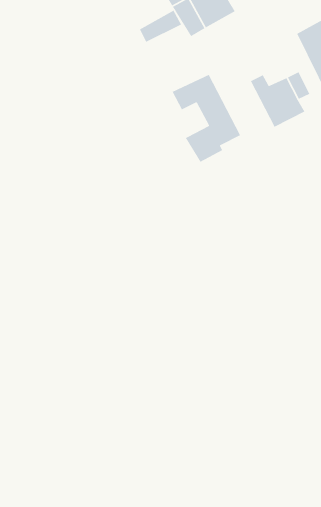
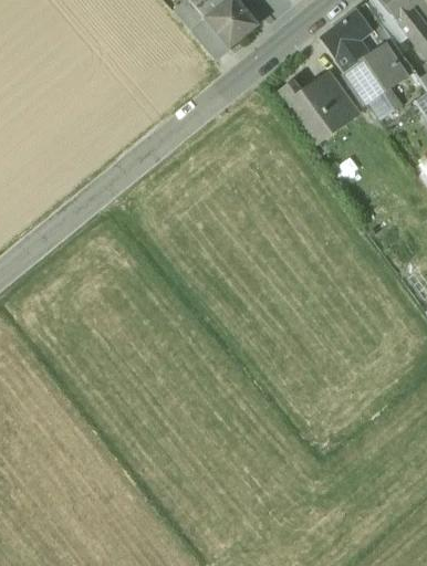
building: [139,10,182,43] -> none
building: [172,74,241,163] -> none

